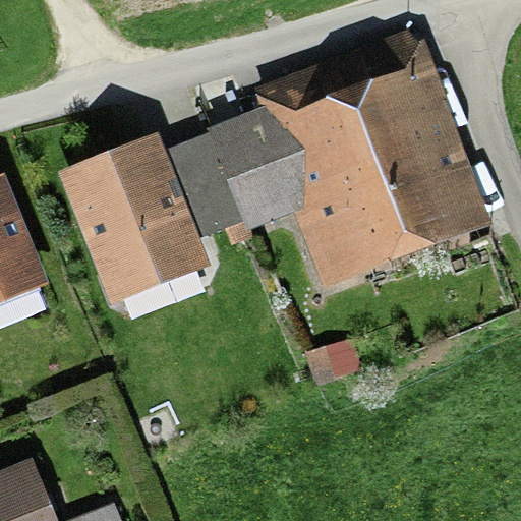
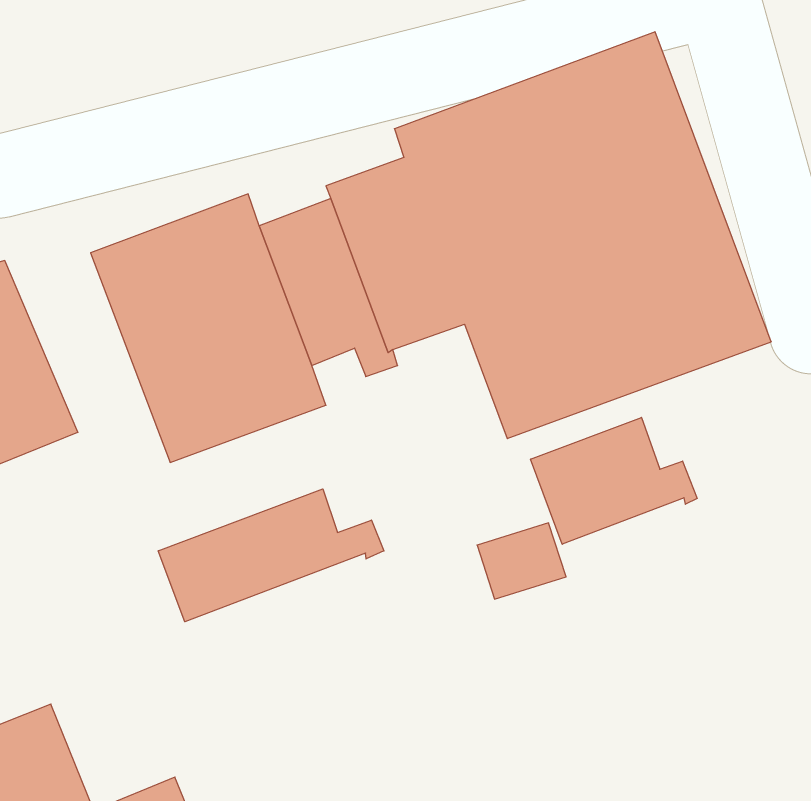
building: none -> [531,417,697,544]
building: none -> [158,489,384,622]

